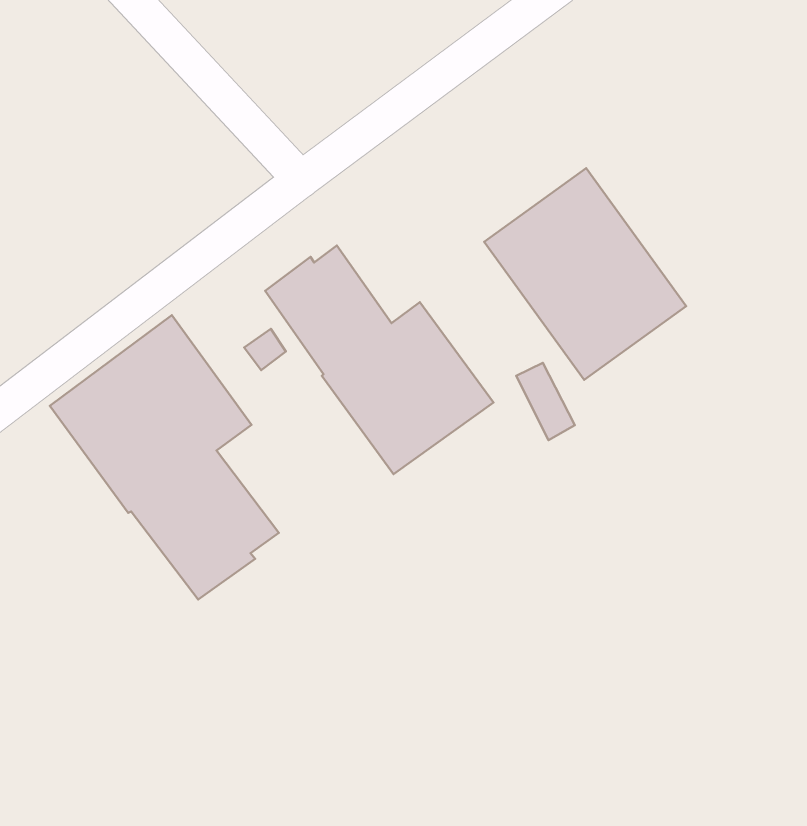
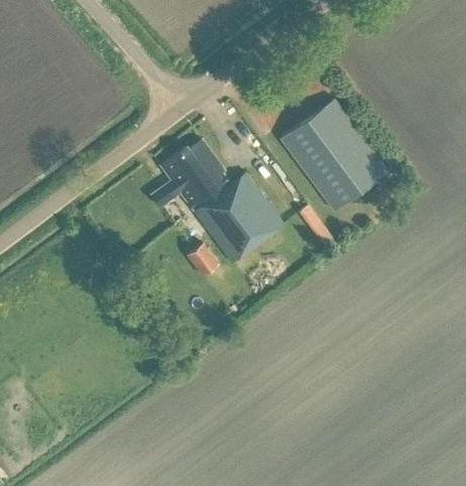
building: [50,315,279,600] -> none
building: none -> [185,242,216,274]

